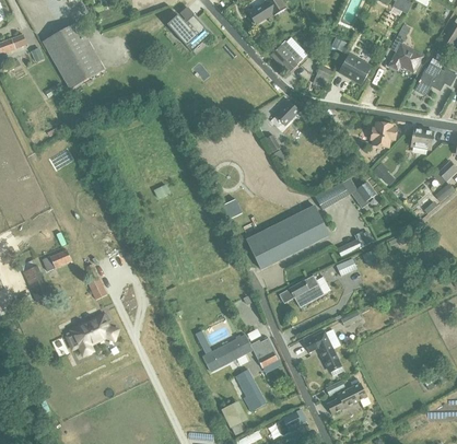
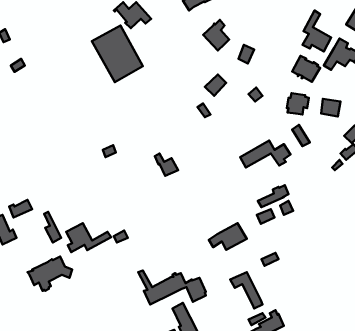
building: [42,22,102,89] -> [92,25,143,82]
building: [338,52,371,83] -> [292,56,320,82]
building: [245,205,328,269] -> none
building: none -> [66,223,111,252]

